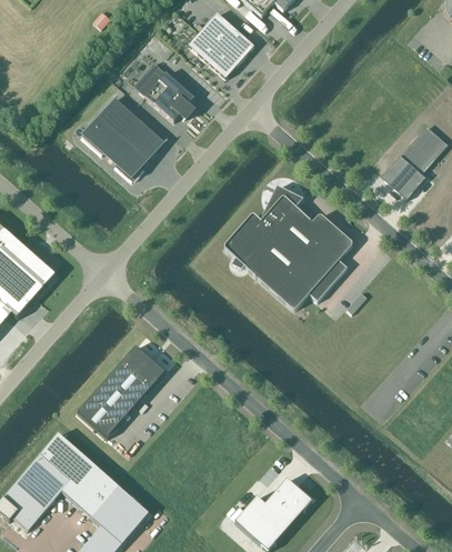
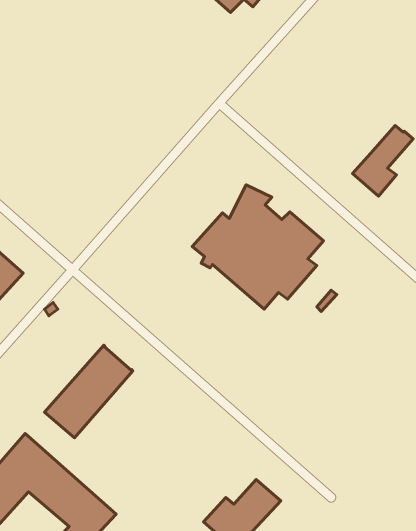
building: [189,13,253,78] -> none
building: [133,60,195,120] -> none
building: [81,98,164,180] -> none

